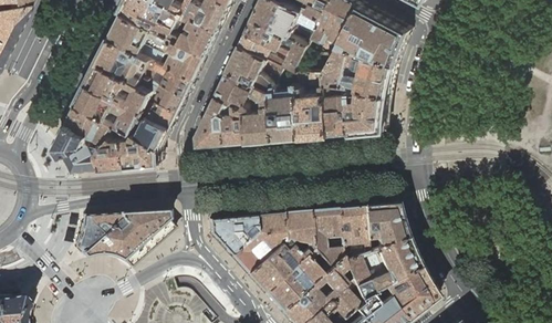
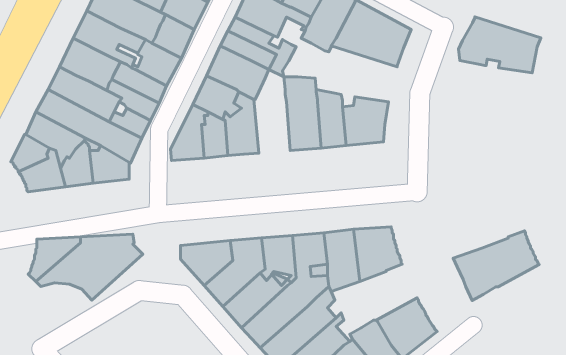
building: [325,43,398,93] -> [459,17,541,73]
building: [271,64,303,138] -> none
building: [340,237,416,299] -> [453,231,539,301]

